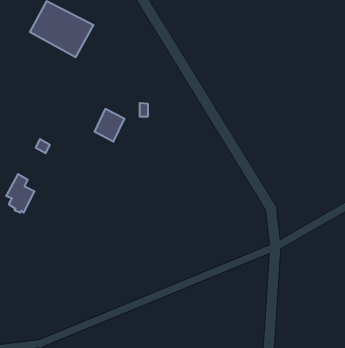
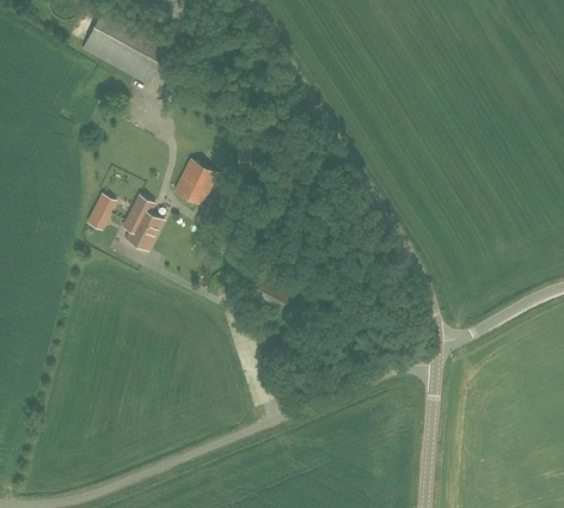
building: [6,174,35,213] -> [122,196,163,251]

